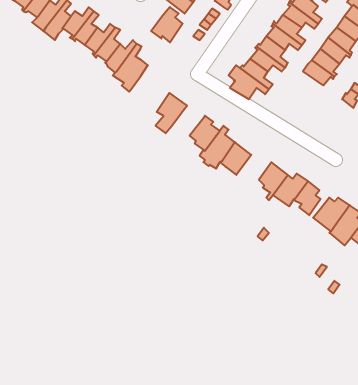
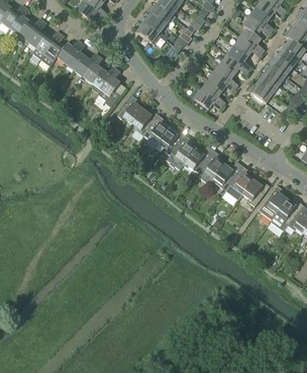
building: [151,7,183,42] -> [117,95,142,123]
building: none -> [144,118,171,148]
building: none -> [196,157,224,183]

